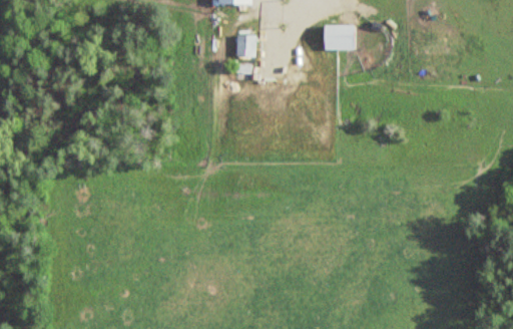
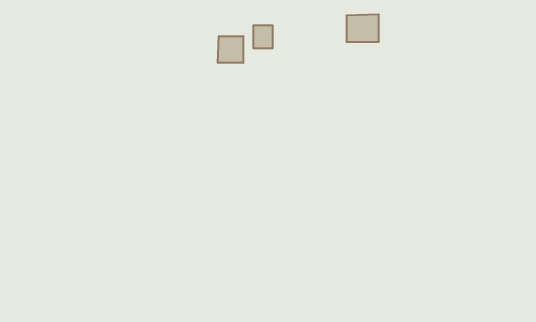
building: none -> [218,36,243,63]

